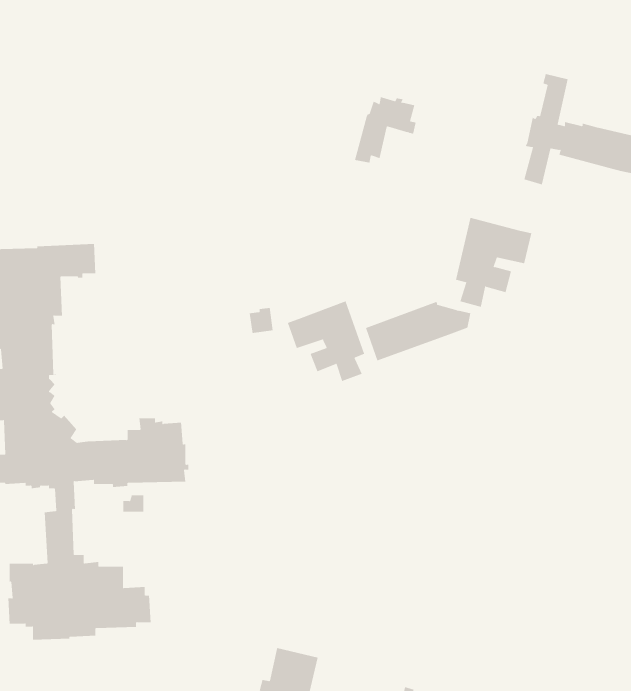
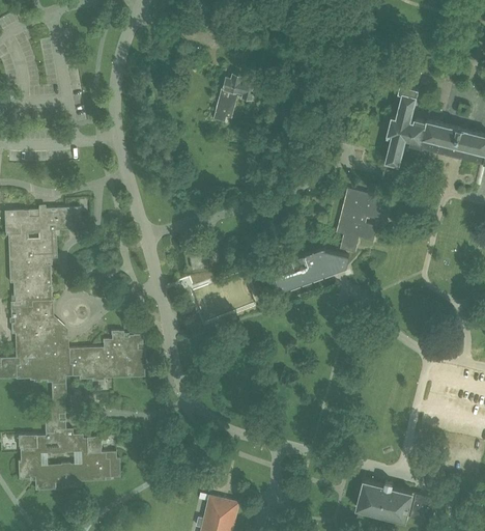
building: [354,96,417,163] -> [213,75,258,122]
building: [287,300,365,382] -> none
building: none -> [356,481,437,523]

